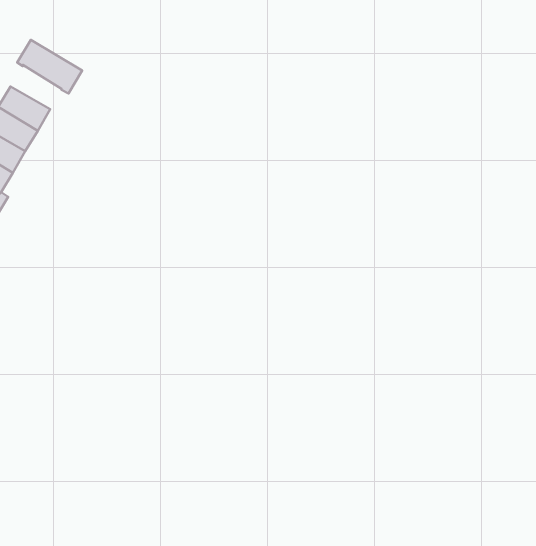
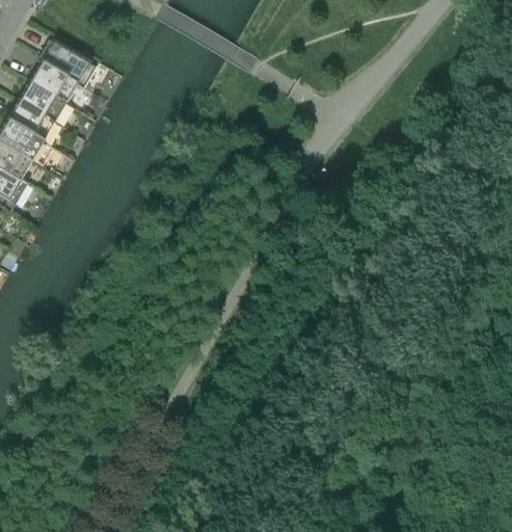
building: none -> [29,62,76,103]

